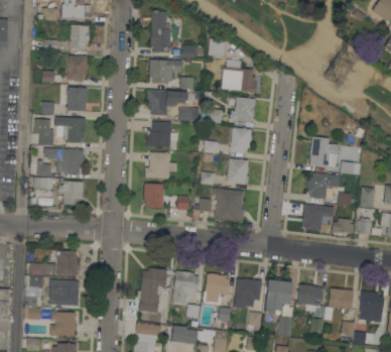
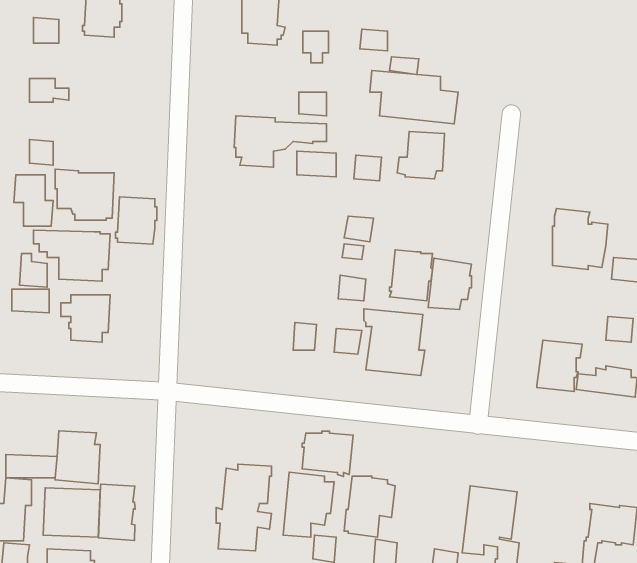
building: [67,54,89,80] -> none
building: [149,58,182,83] -> none
building: [67,87,88,111] -> [116,197,157,244]
building: [146,121,178,147] -> none
building: [230,126,252,152] -> [428,258,471,309]
building: [145,151,170,179] -> none
building: [307,171,340,199] -> none
building: [144,183,164,208] -> none
building: [236,277,262,301] -> [302,431,353,477]
building: none -> [99,484,135,541]
building: [297,283,322,311] -> none

